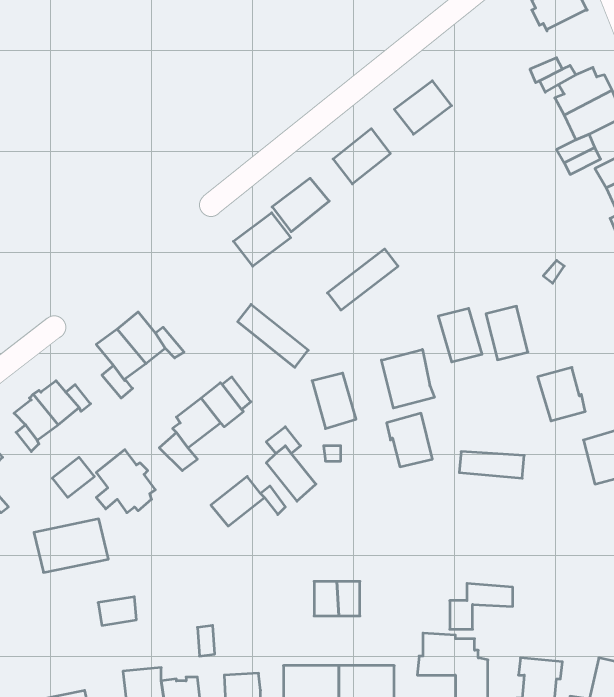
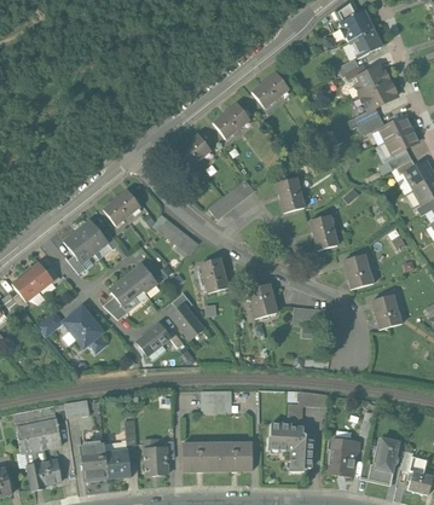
building: none -> [348,28,381,57]
building: [233,213,291,266] -> [103,190,139,224]
building: [438,308,482,362] -> [276,178,303,211]
building: [381,349,434,408] -> none
building: [34,519,108,572] -> [15,418,62,452]

